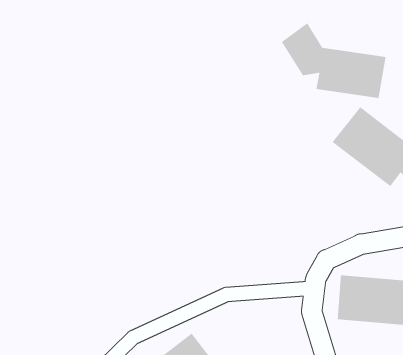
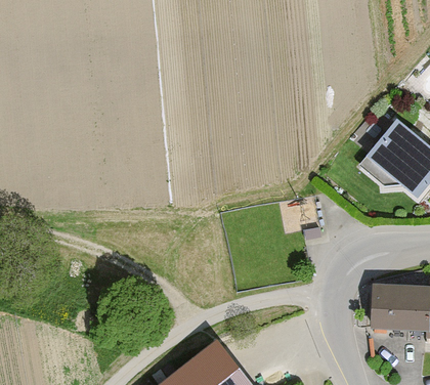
building: [281,22,387,99] -> none

